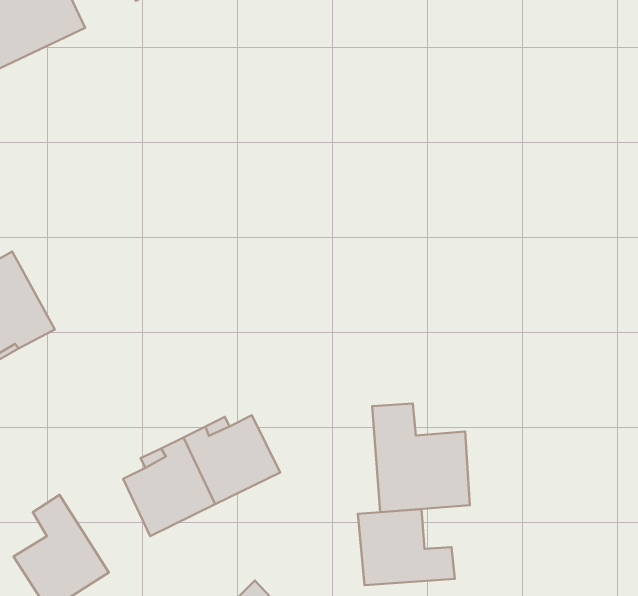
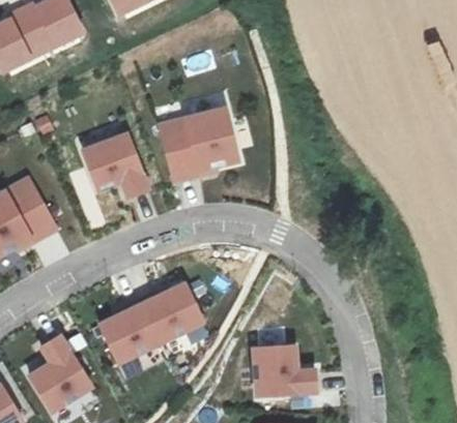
building: none -> [161,109,239,181]
building: none -> [84,134,149,198]
building: [372,404,470,512] -> none

